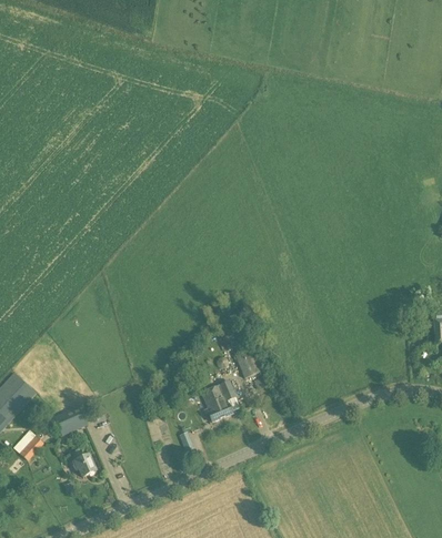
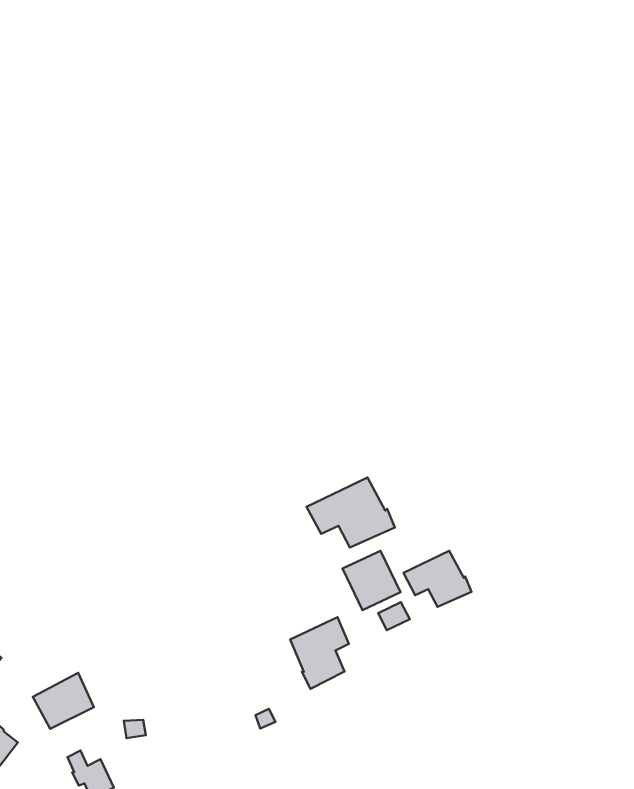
building: none -> [307,478,395,547]
building: none -> [403,551,472,607]

